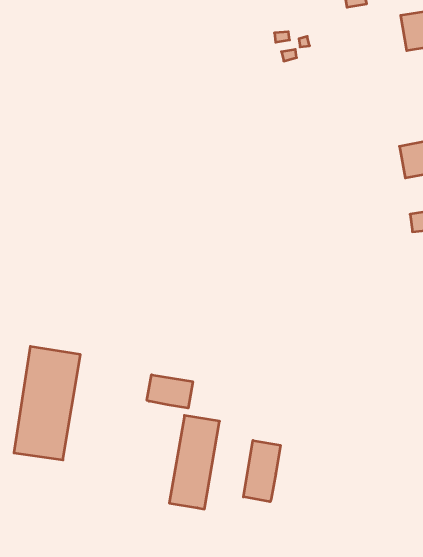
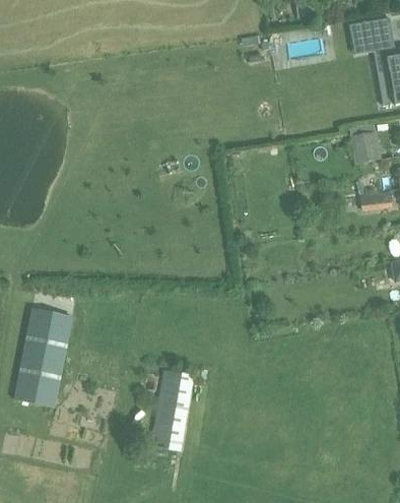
building: [147,375,193,408] -> none
building: [243,440,280,502] -> none

